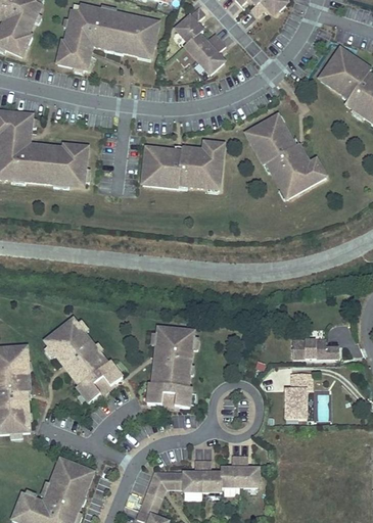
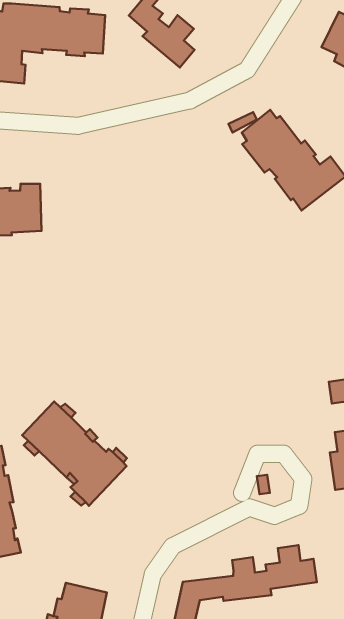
building: [142,142,224,188] -> none
building: [147,327,195,407] -> none

